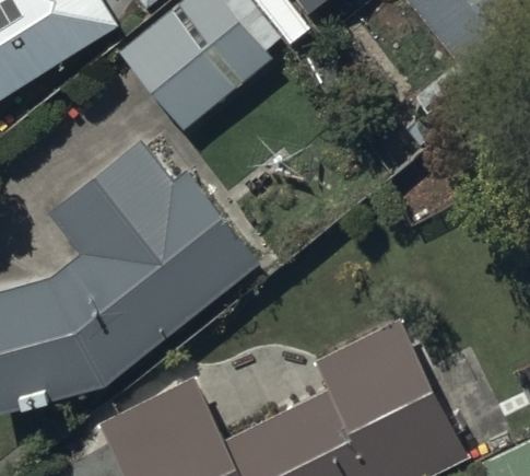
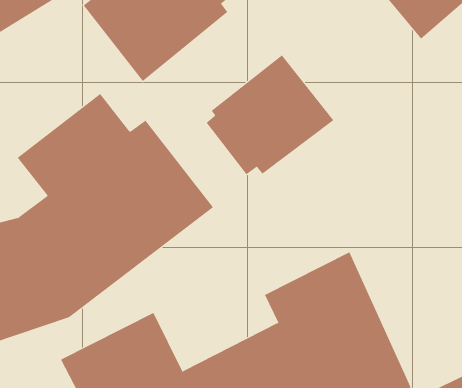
building: none -> [206,55,334,175]

